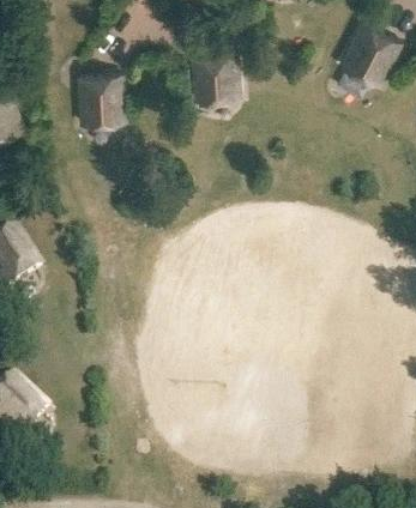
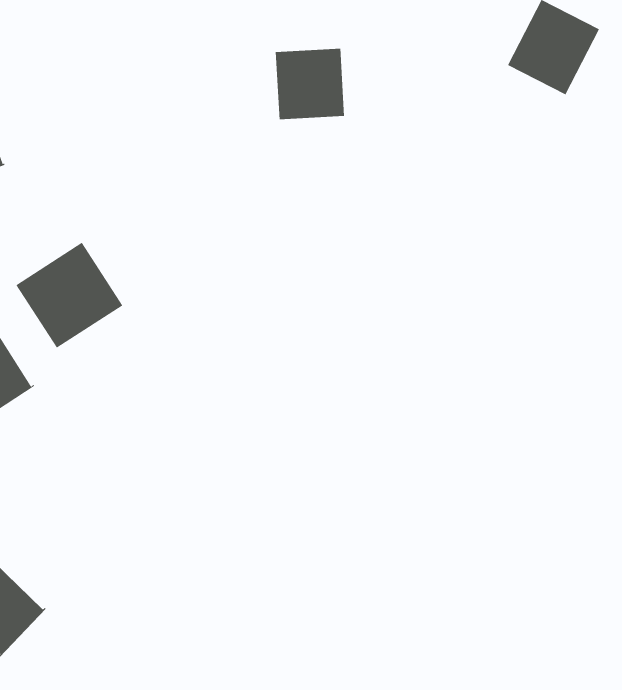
building: [79,75,125,126] -> none
building: none -> [15,242,123,349]

